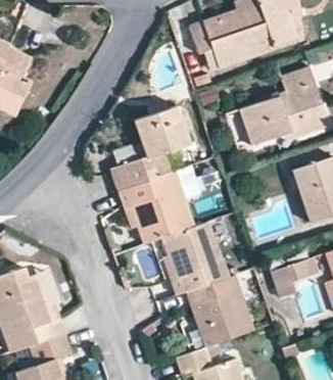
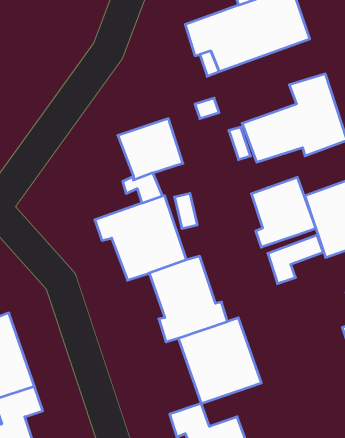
building: none -> [251,177,316,247]
building: [107,159,154,192] -> none
building: [272,257,319,298] -> [268,235,323,284]

